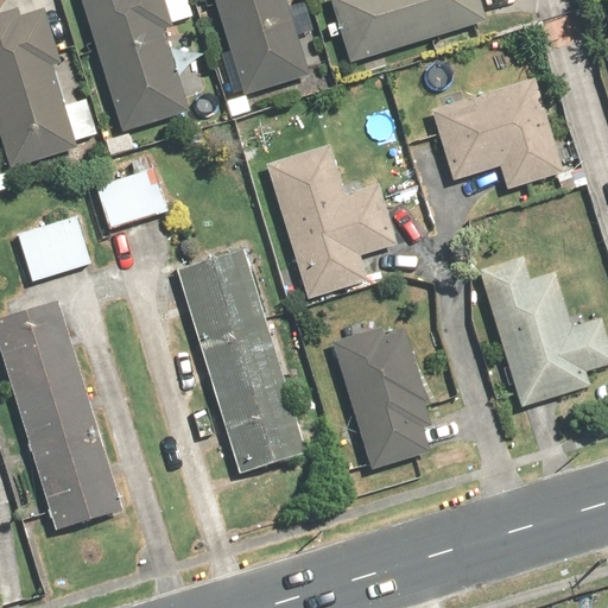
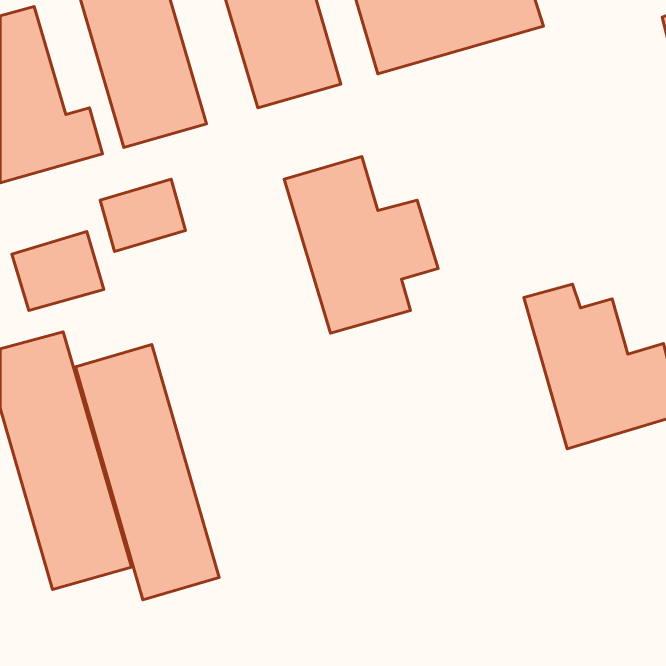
building: [425,75,566,190] -> none
building: [176,248,305,479] -> [76,345,219,600]
building: [329,319,443,468] -> none

